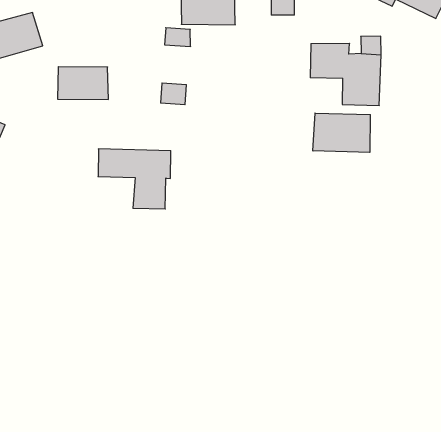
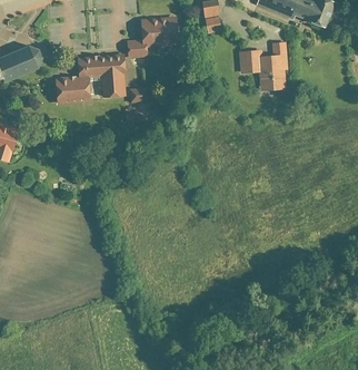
building: [313,113,370,152] -> none
building: [98,149,171,209] -> [74,53,128,97]

